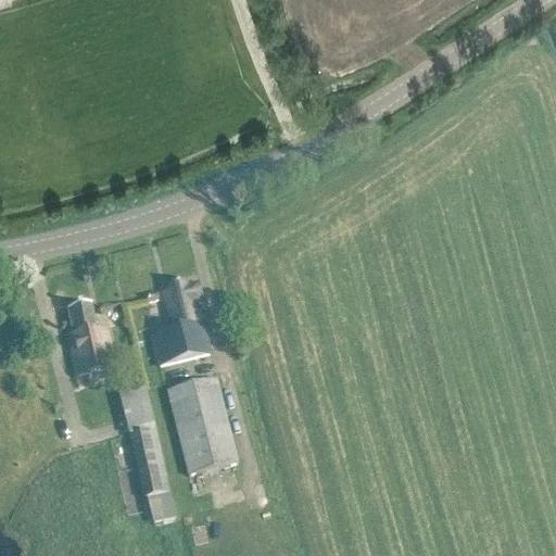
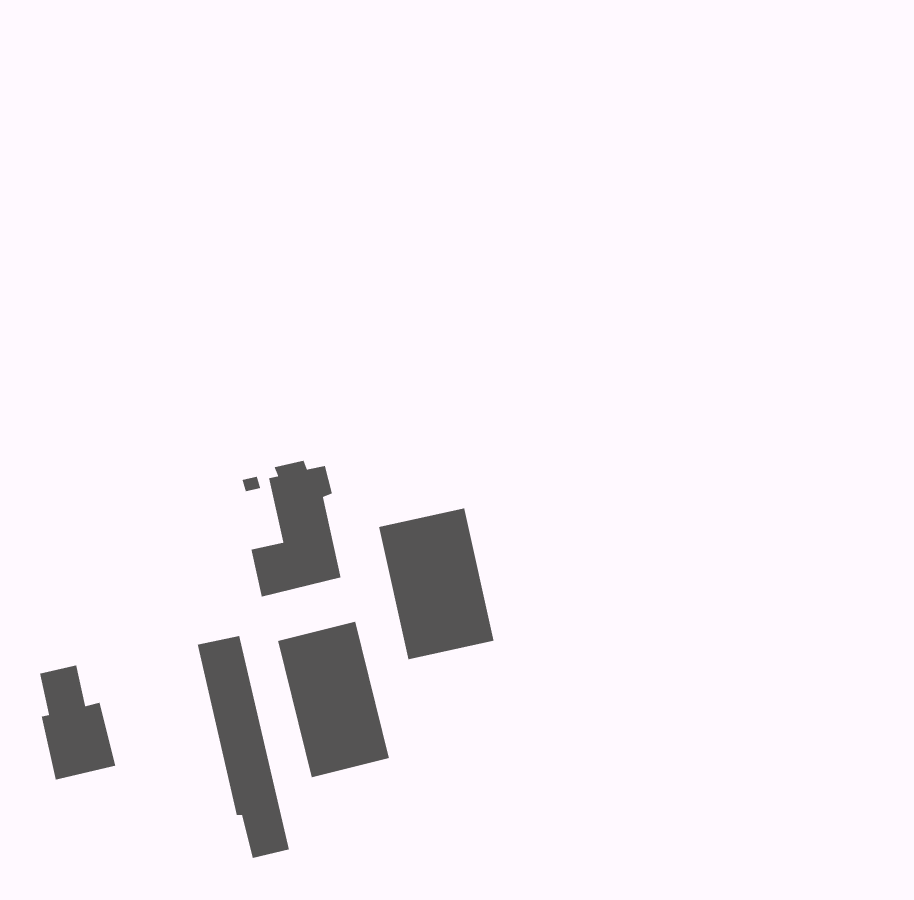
building: [67,302,114,372] -> [39,664,116,781]
building: none -> [378,508,494,660]

